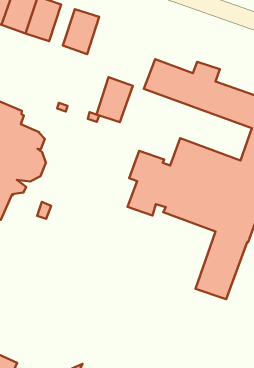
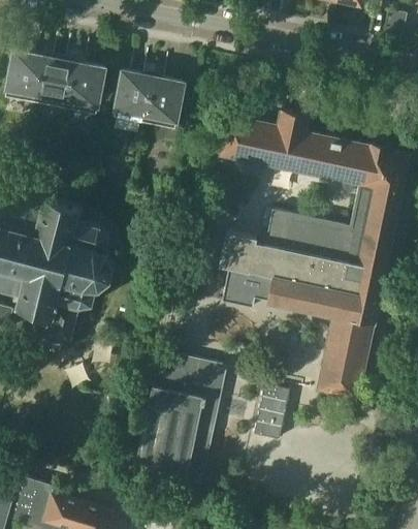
building: [96,77,133,122] -> [144,76,184,129]
building: none -> [132,351,227,487]
building: none -> [254,385,289,440]

